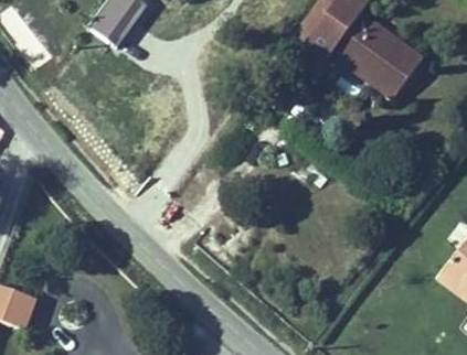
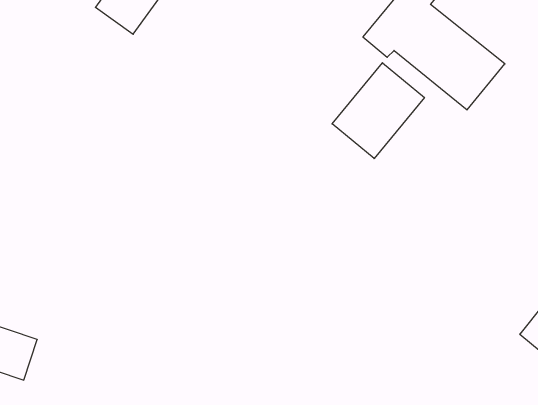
building: none -> [332,63,424,159]

